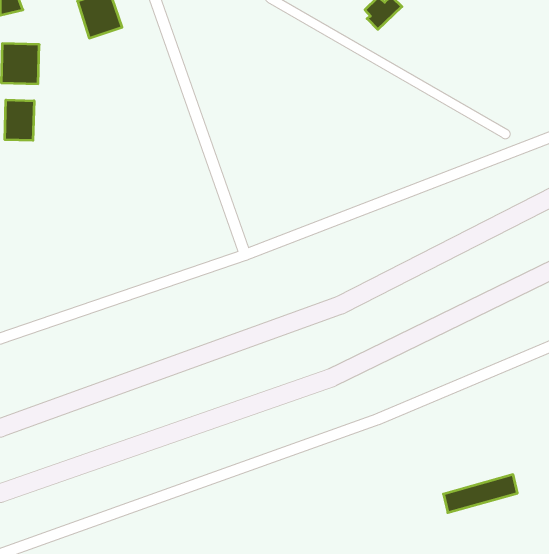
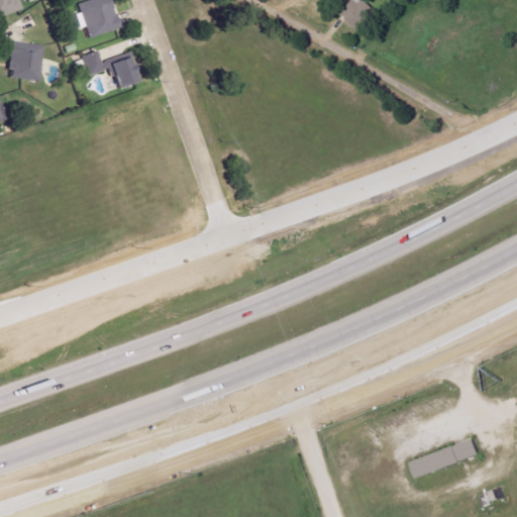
building: none -> [82,48,141,87]
building: [5,100,34,140] -> none

